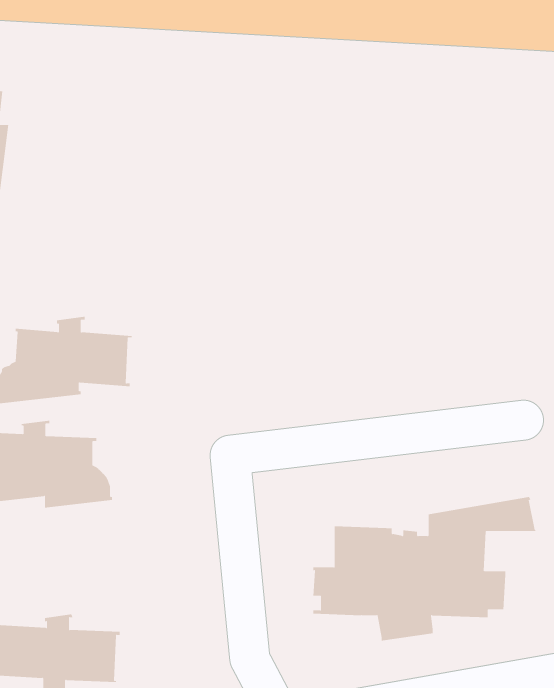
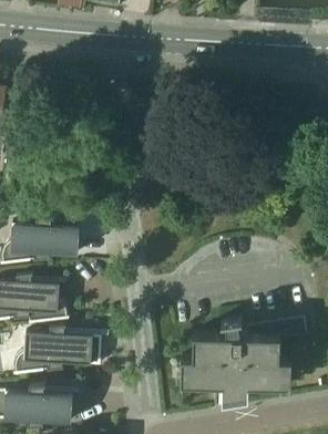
building: none -> [13,324,101,373]

